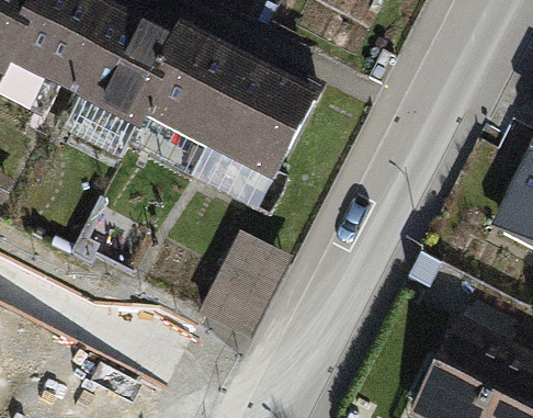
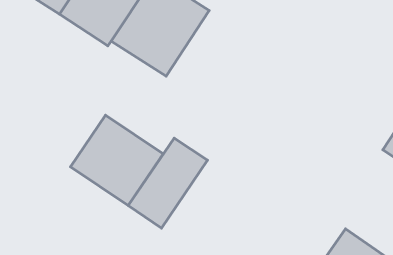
building: [218,69,327,188] -> none
building: none -> [71,115,163,206]

